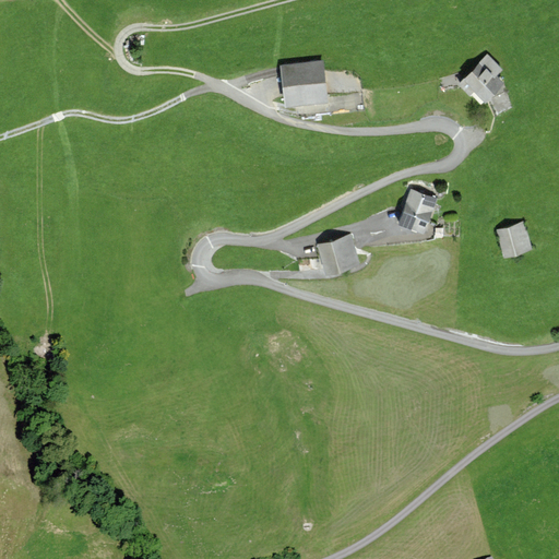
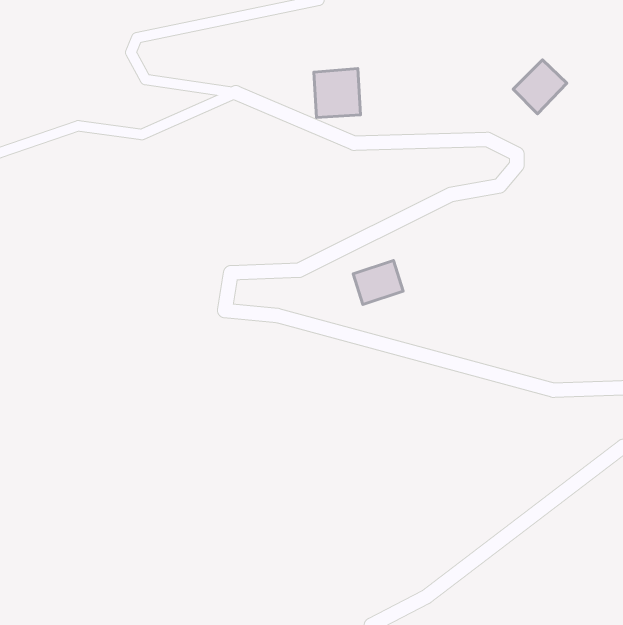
building: [400,189,438,230] -> none
building: [497,224,532,258] -> none

